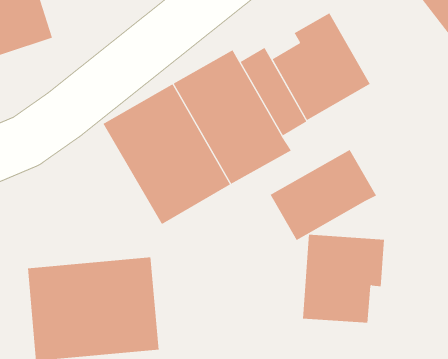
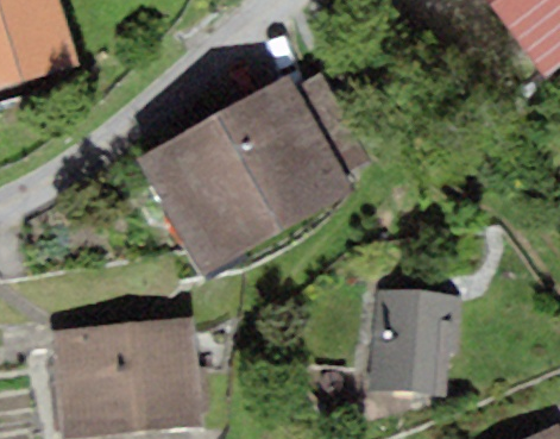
building: [272,13,370,121] -> none
building: [270,149,377,241] -> none

